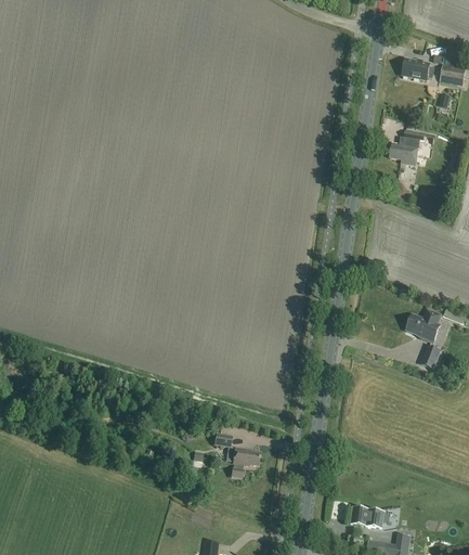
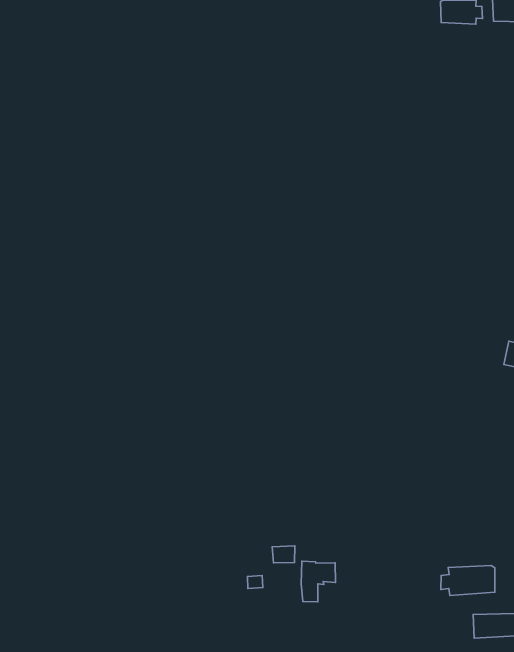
building: [389,130,426,165] -> none
building: none -> [441,566,495,596]

